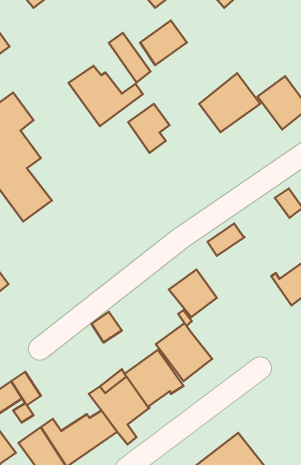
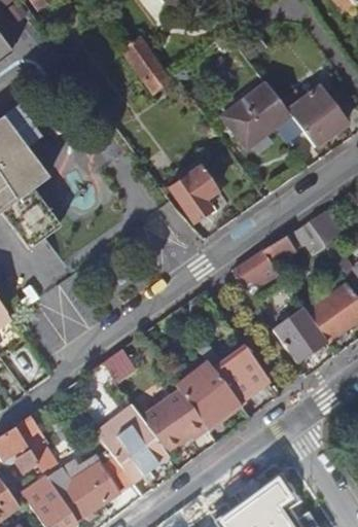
building: [140,21,187,65] -> none
building: [69,66,143,126] -> none
building: [128,104,170,153] -> [170,168,216,222]
building: none -> [263,221,326,264]
building: [169,269,217,317] -> [214,348,267,401]
building: none -> [275,309,327,363]

